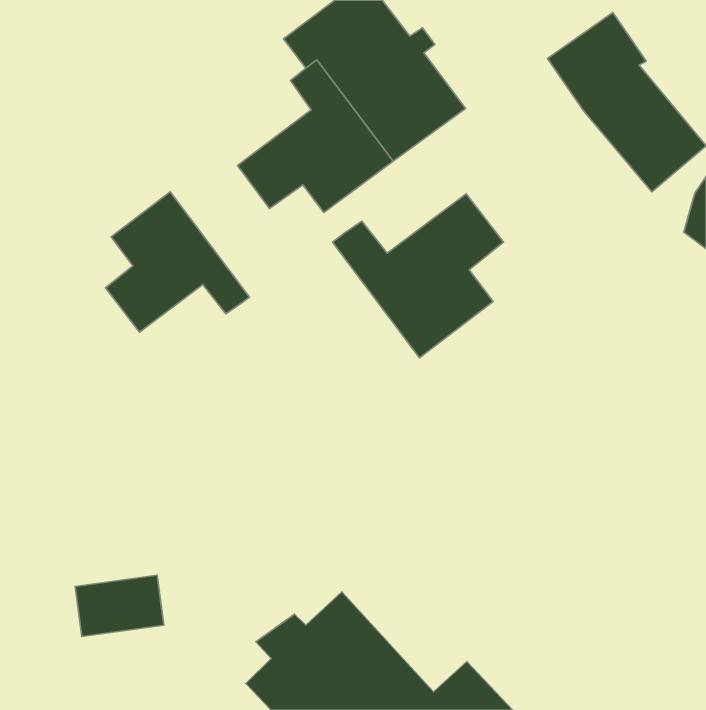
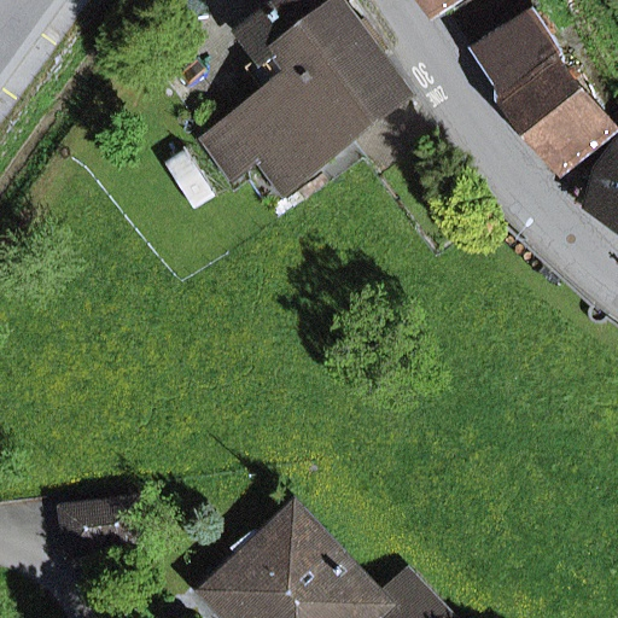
building: [106,192,249,332] -> none
building: [332,194,503,358] -> none

